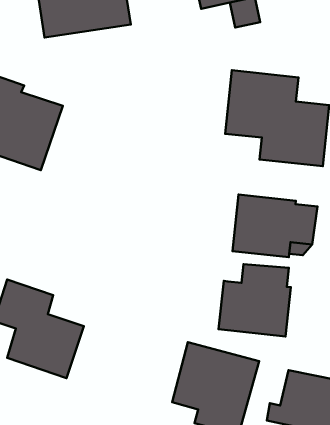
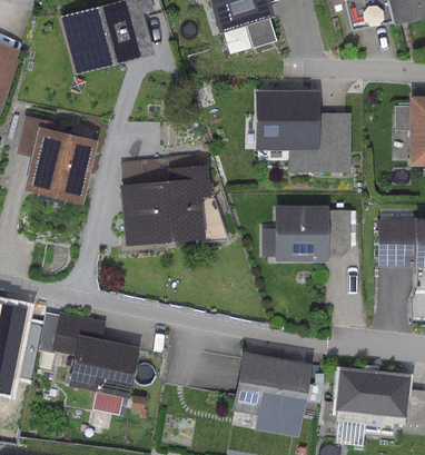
building: none -> [119,154,227,247]
building: [219,264,291,336] -> none

